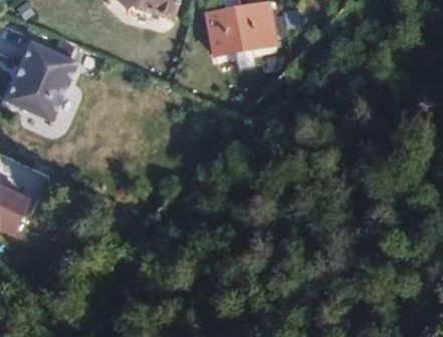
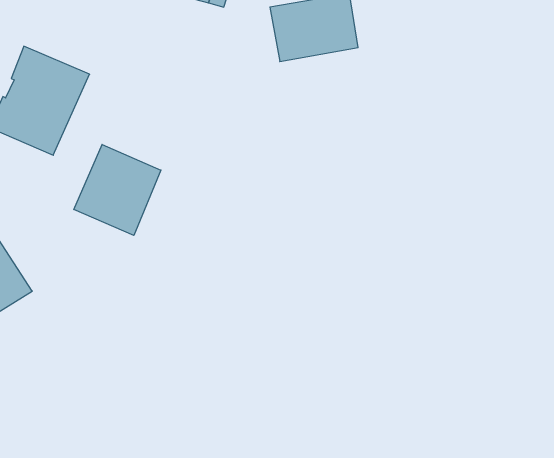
building: none -> [74,144,161,235]

